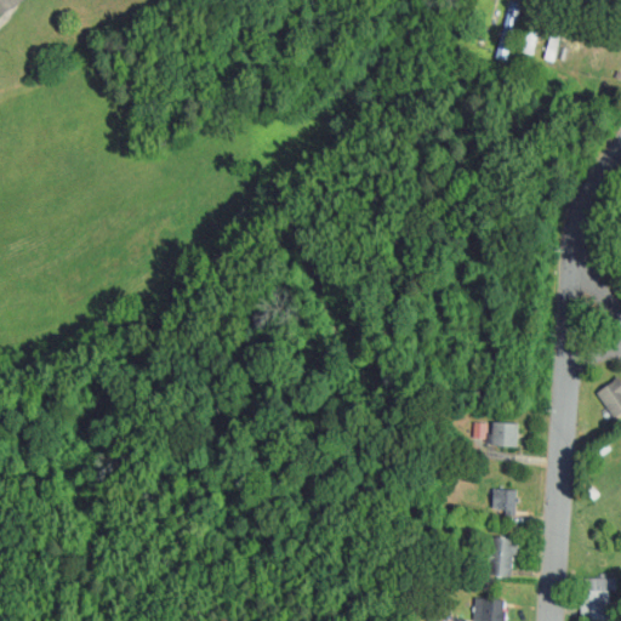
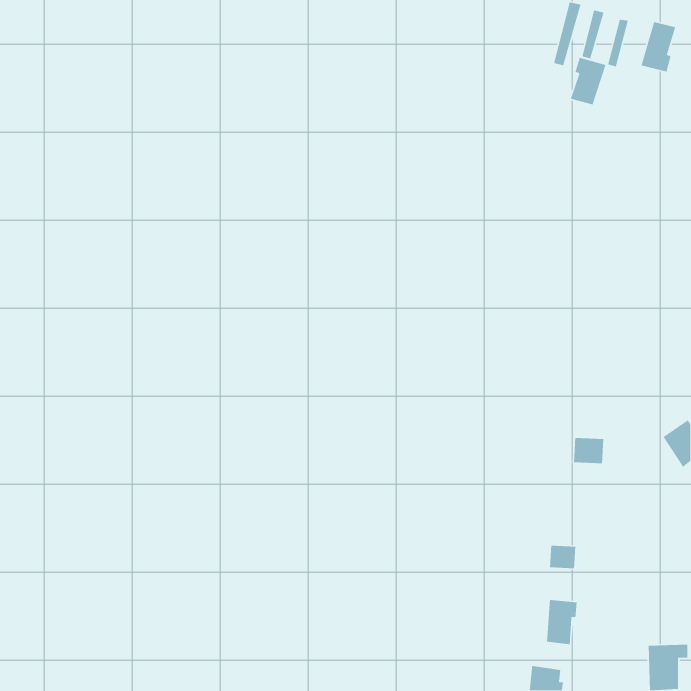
building: none -> [641,21,676,73]
building: none -> [570,57,606,105]
building: [491,423,519,448] -> [573,437,604,464]

